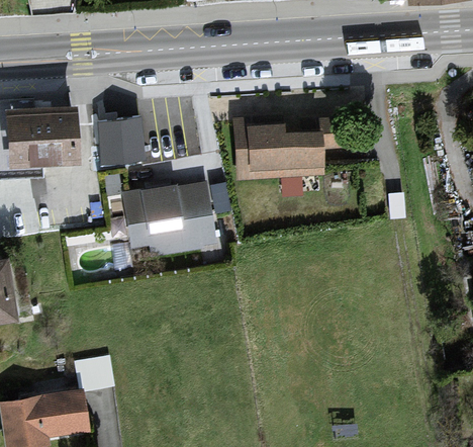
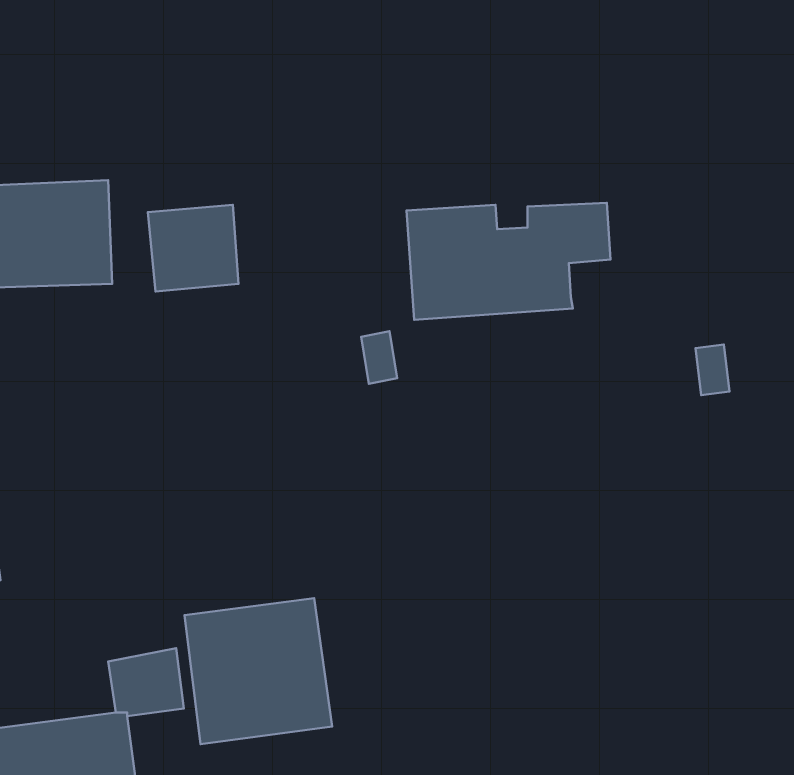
building: [122,183,216,257] -> none
building: none -> [184,598,332,744]

